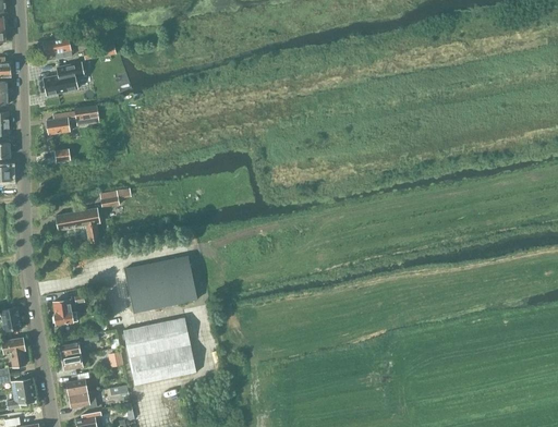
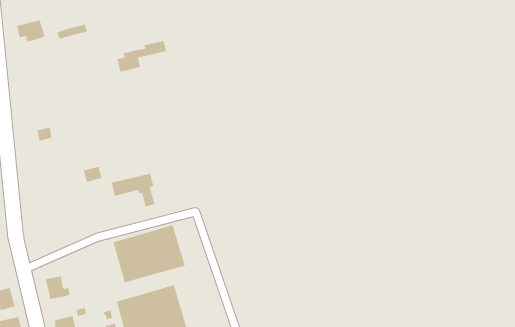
building: [43,62,84,95] -> none
building: [46,105,98,134] -> [117,40,167,72]
building: [56,208,99,243] -> [111,173,155,207]

